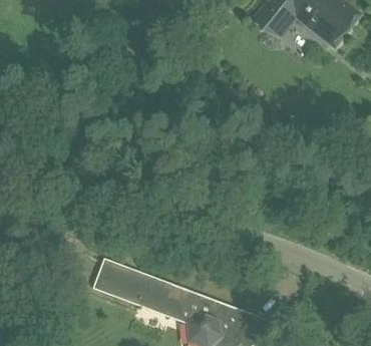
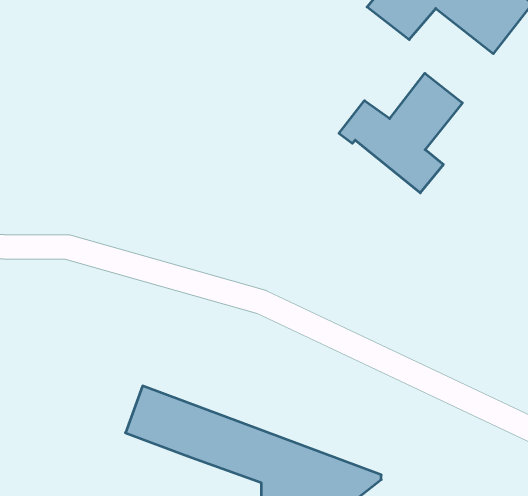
building: none -> [339,73,462,193]

